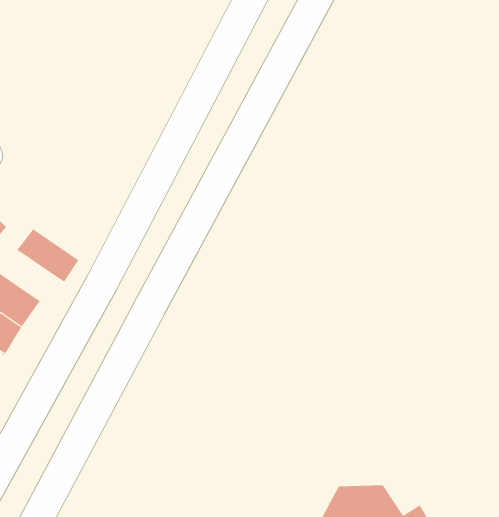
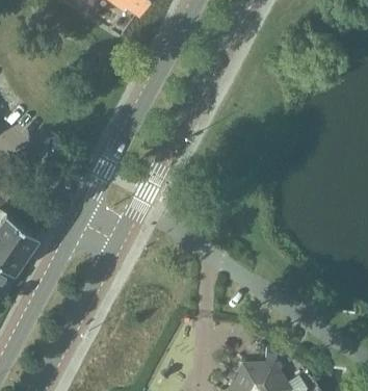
building: [17,228,79,282] -> none

